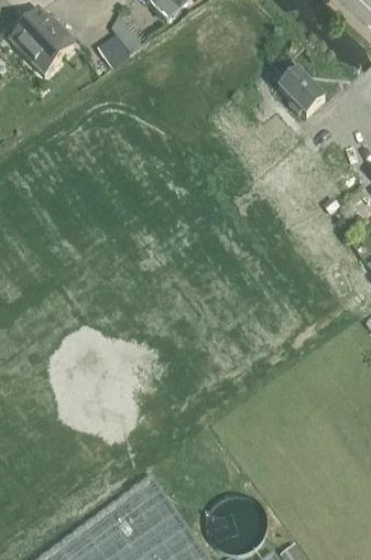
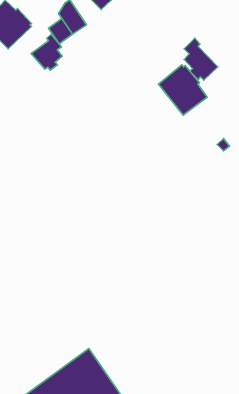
building: none -> [31,34,62,70]
building: none -> [159,65,207,115]

